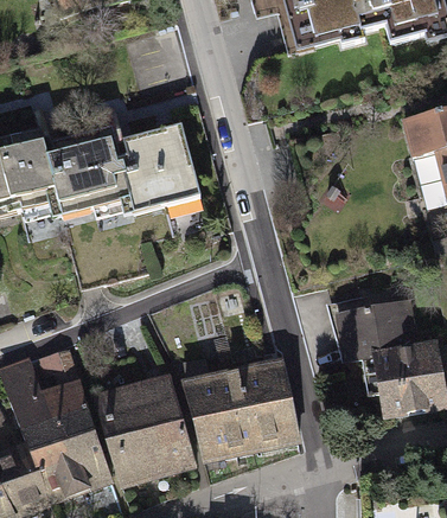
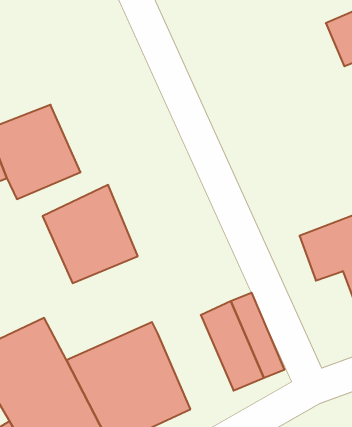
building: [116,128,200,216] -> [43,185,138,283]
building: [181,371,244,459] -> none

